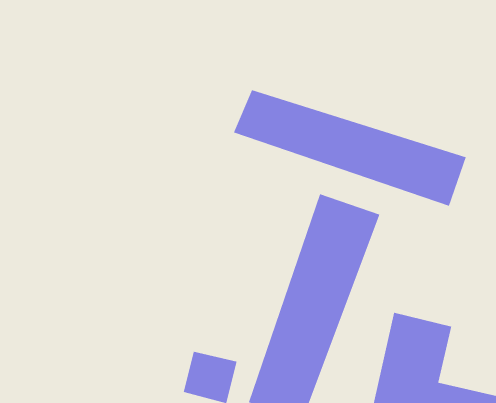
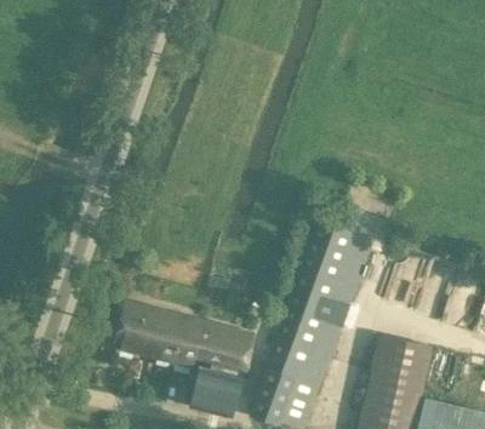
building: [233,89,467,207] -> none
building: none -> [114,302,256,371]

